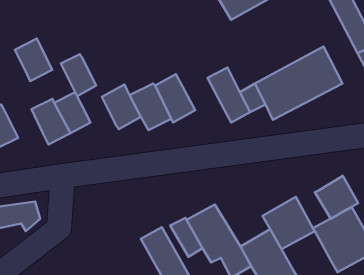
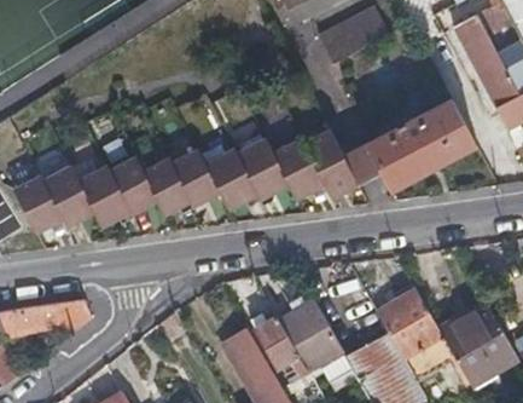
building: [15,38,52,81] -> [50,169,97,224]
building: [61,54,96,96] -> [145,160,190,213]
building: none -> [274,134,327,196]
building: [315,176,358,219] -> none

